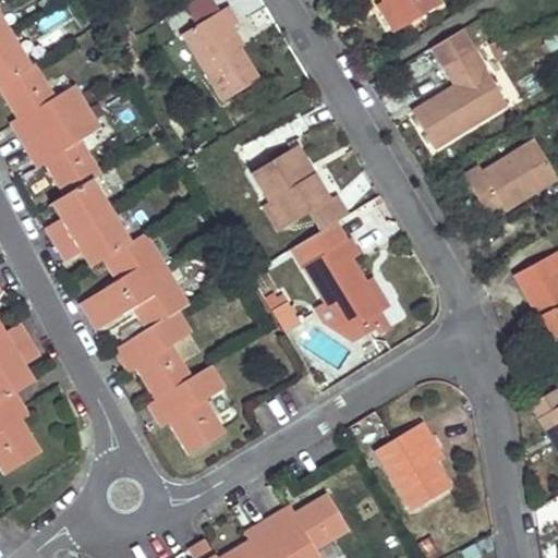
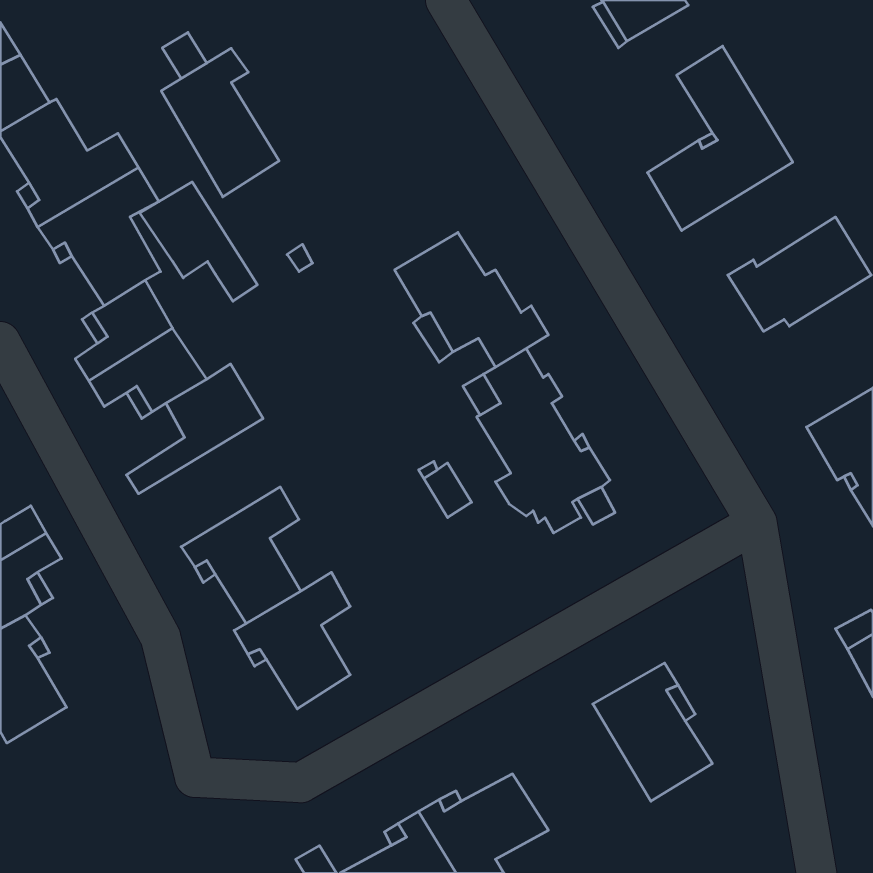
building: [184,7,259,101] -> [161,48,279,197]
building: none -> [140,182,257,301]
building: [88,267,191,329] -> none

